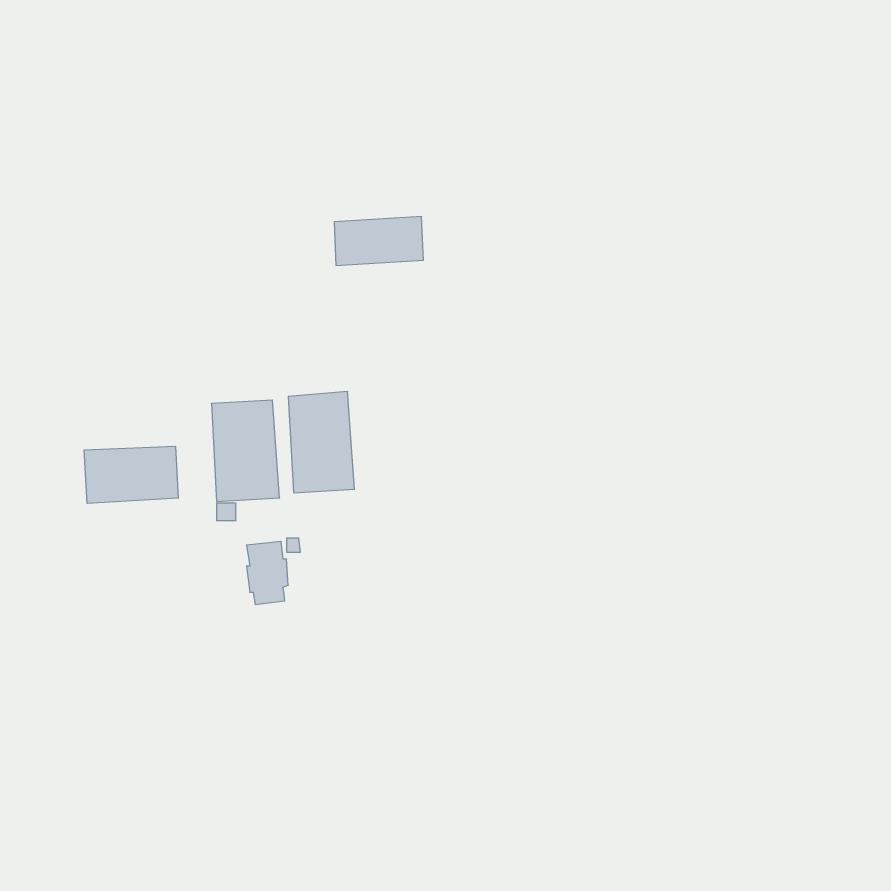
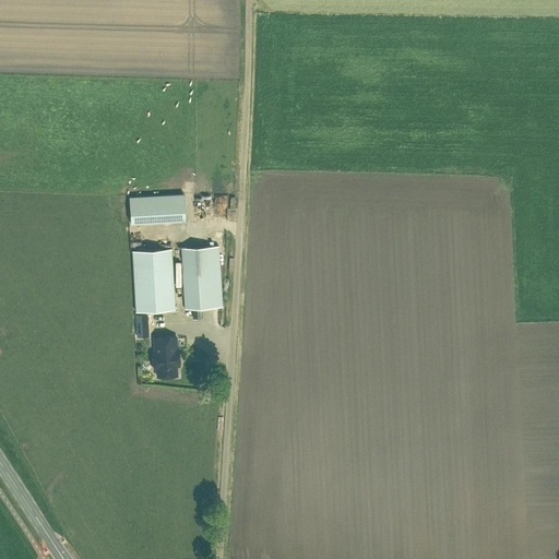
building: [334,217,423,265] -> [130,194,186,225]
building: [84,446,178,503] -> none

